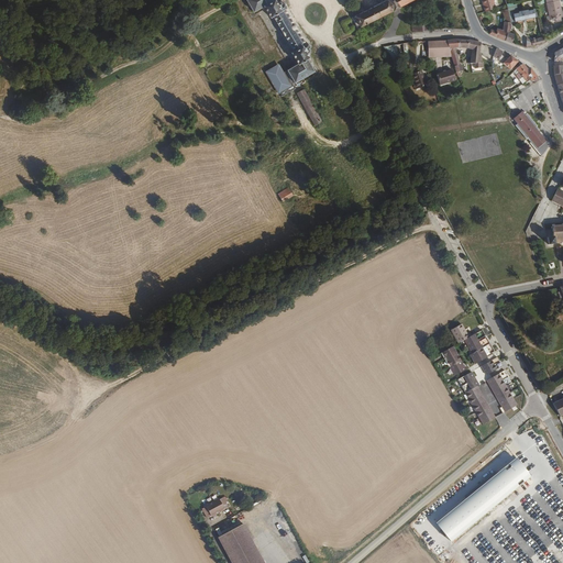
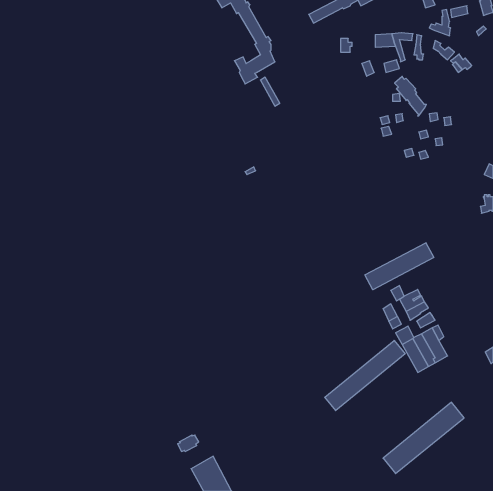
building: [514,109,550,154] -> [395,76,426,116]
building: none -> [365,243,434,290]
building: none -> [325,340,405,411]

